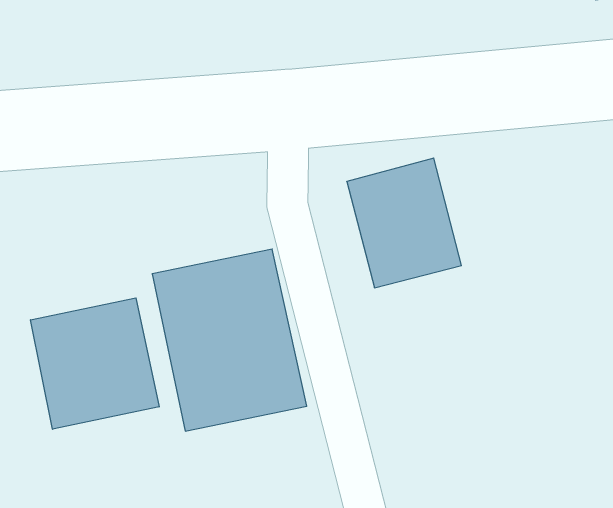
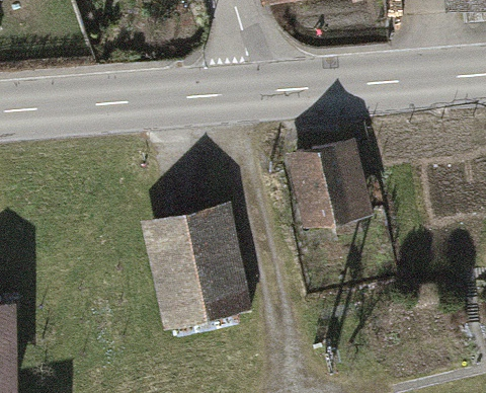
building: [31,298,159,429] -> none

